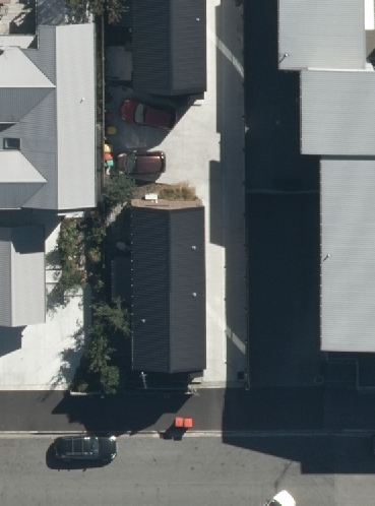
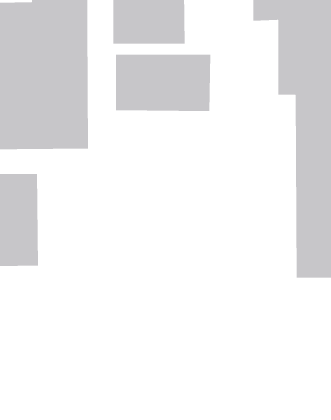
building: none -> [115,54,211,112]
building: [124,209,201,372] -> none

